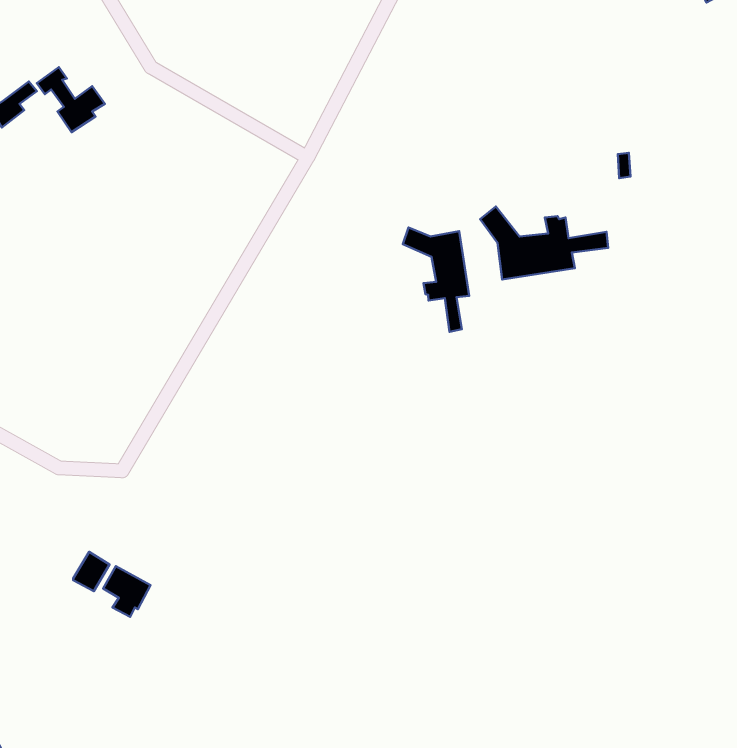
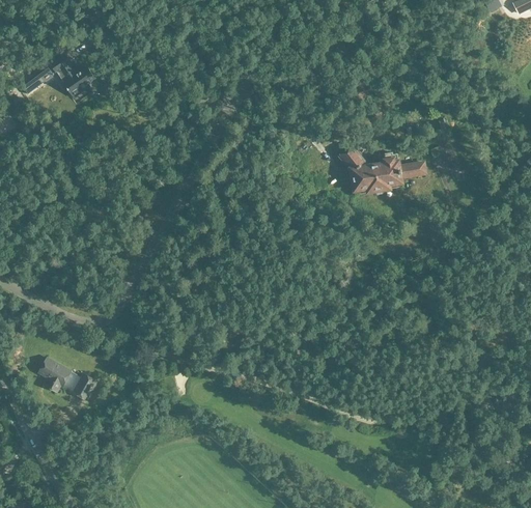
building: [403,227,469,332] -> none
building: [103,566,151,617] -> [40,357,72,390]

